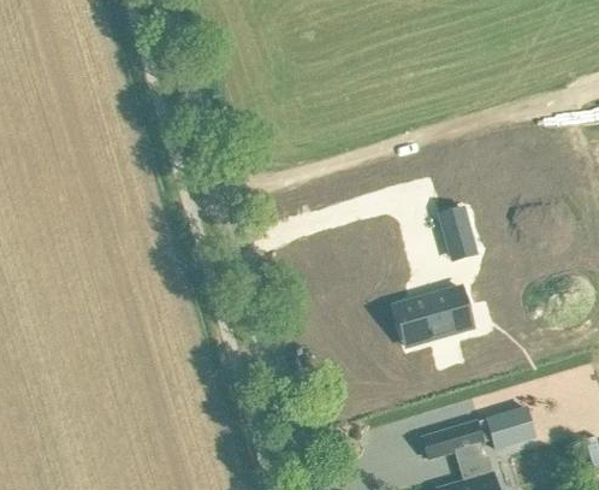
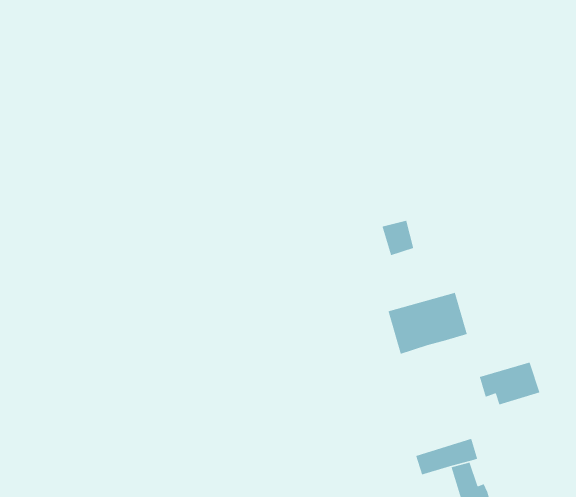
building: [440,208,472,243] -> [382,220,414,256]
building: [478,408,536,450] -> [479,361,540,406]

